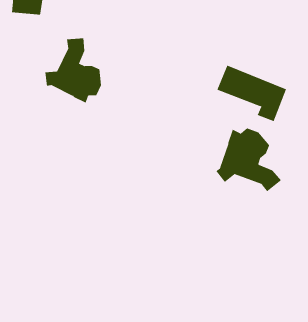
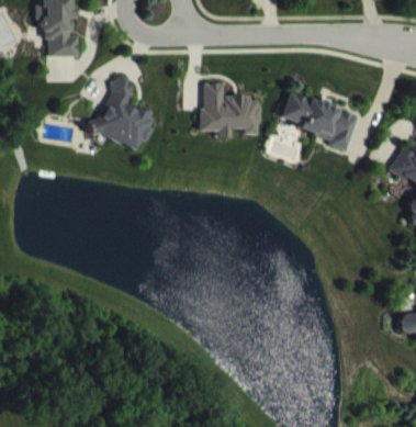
building: none -> [200,82,260,137]
building: [215,127,282,192] -> none

